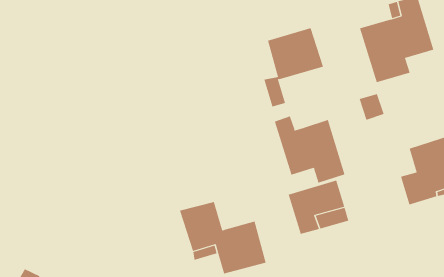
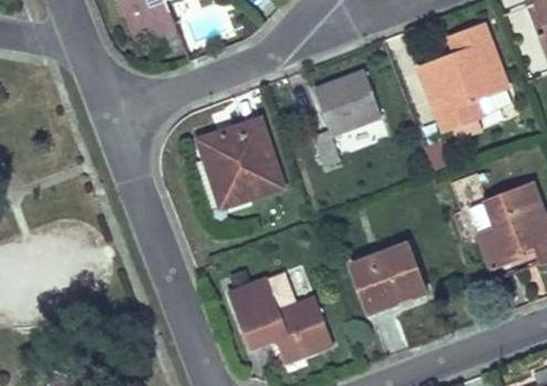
building: none -> [200,120,281,202]
building: [274,115,345,183] -> none

